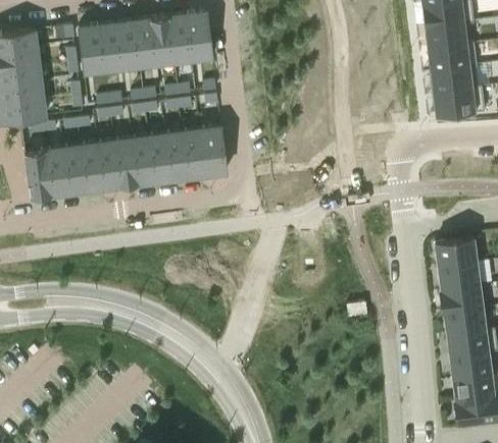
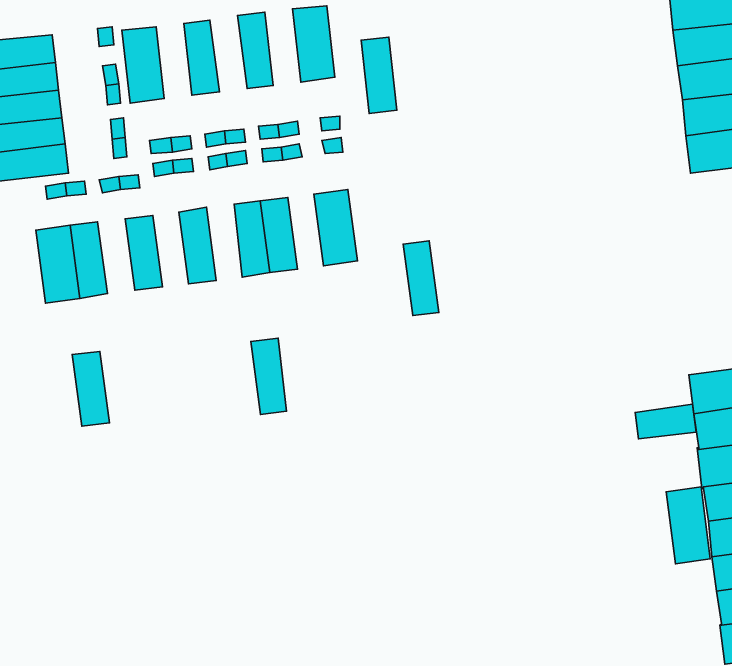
building: [168,14,191,62] -> [361,37,397,113]
building: [134,18,157,66] -> none
building: [100,23,122,70] -> none
building: [183,130,205,177] -> [403,241,439,316]
building: [132,136,154,184] -> [251,338,286,415]
building: [98,142,120,188] -> none
building: [63,146,87,192] -> [72,351,109,426]
building: none -> [635,404,696,439]
building: none -> [666,487,710,564]

